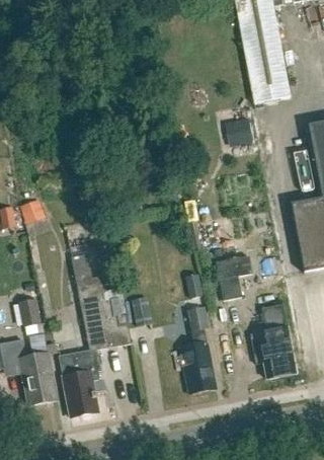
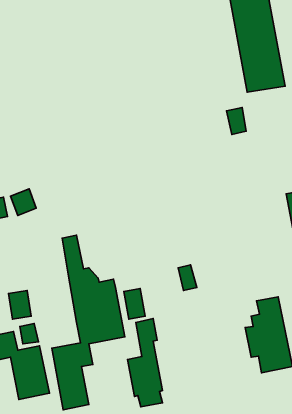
building: [216,255,252,300] -> none
building: [180,306,215,393] -> [127,319,162,407]

